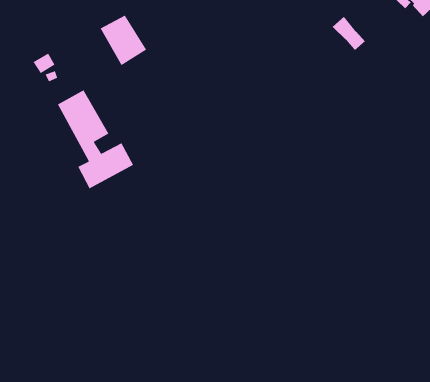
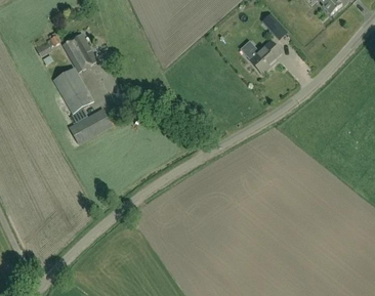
building: [100,15,147,66] -> [61,33,97,72]
building: none -> [249,40,281,73]

